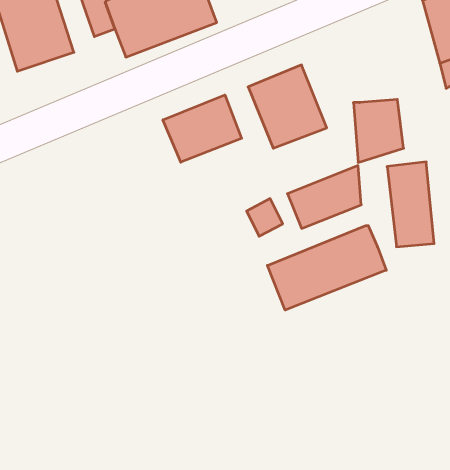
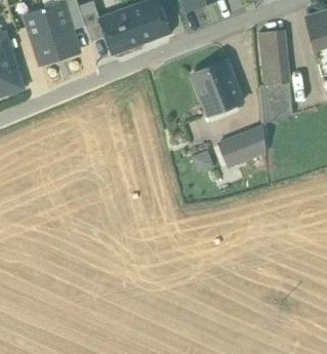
building: [163,95,242,162] -> none
building: [387,162,434,247] -> [257,29,288,84]
building: [267,226,386,310] -> none

